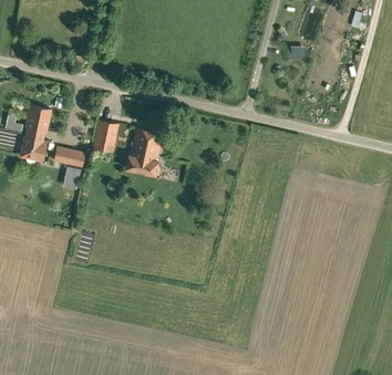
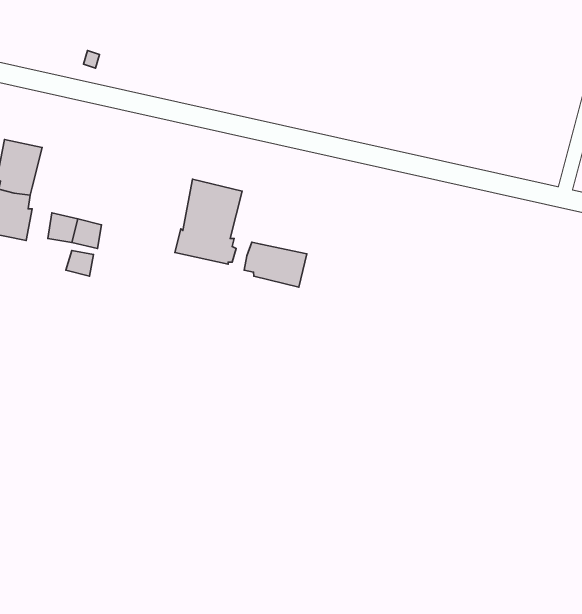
building: [92,119,118,153] -> none
building: none -> [244,242,307,287]

